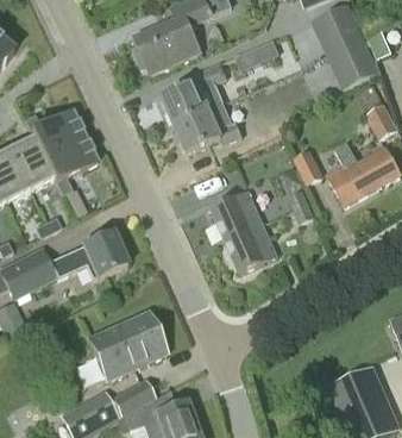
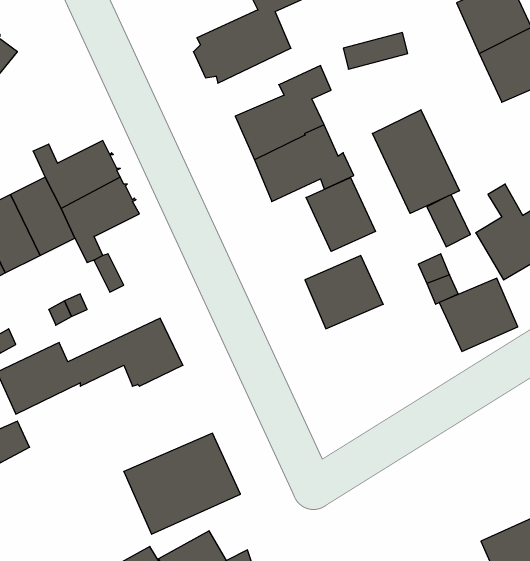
building: none -> [372,110,460,213]
building: none -> [306,177,376,251]
building: [225,223,278,273] -> [439,278,518,351]

